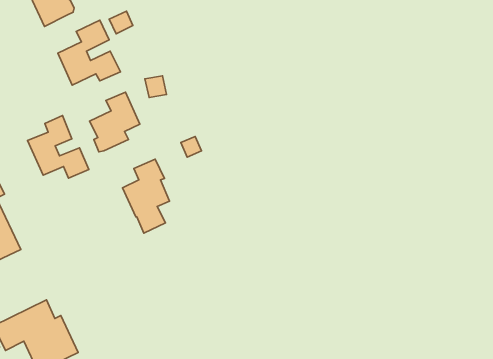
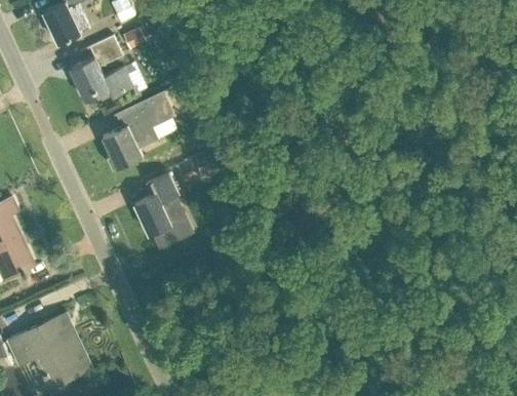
building: [27,116,89,178] -> none

